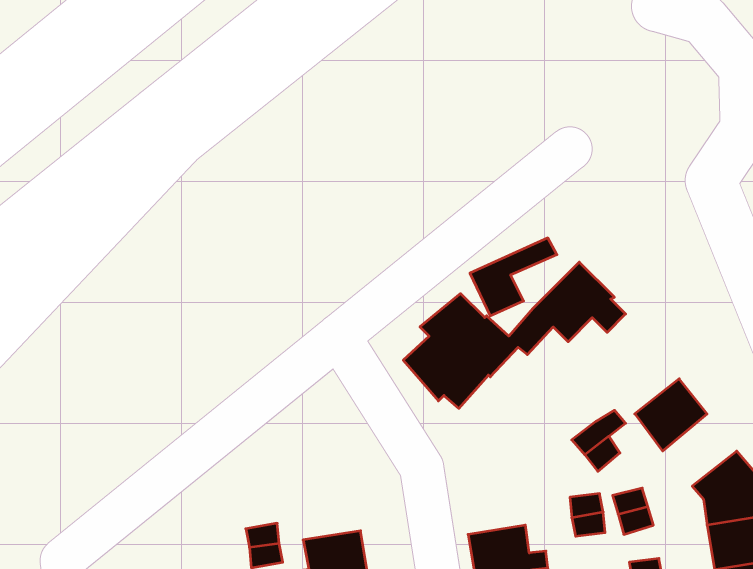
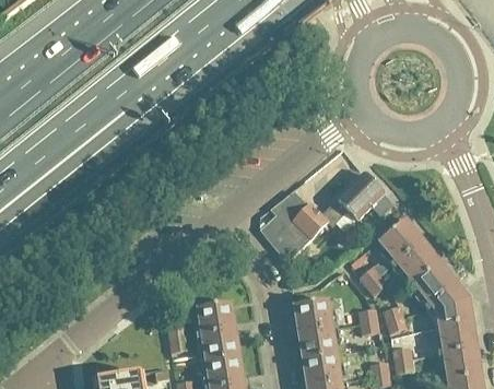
building: none -> [379,220,423,262]
building: none -> [413,262,457,305]
building: none -> [294,299,339,333]
building: none -> [187,303,235,337]

